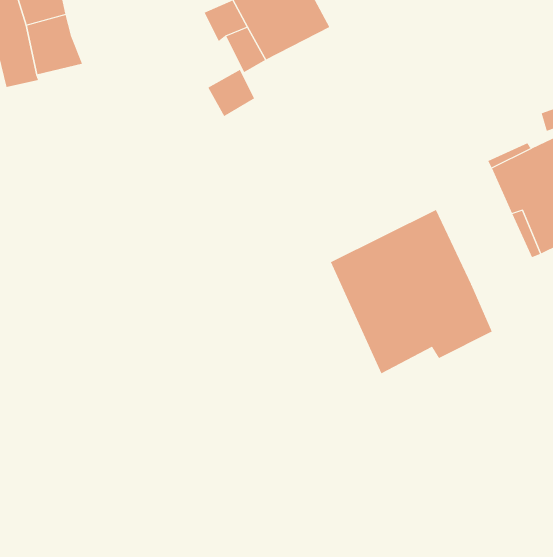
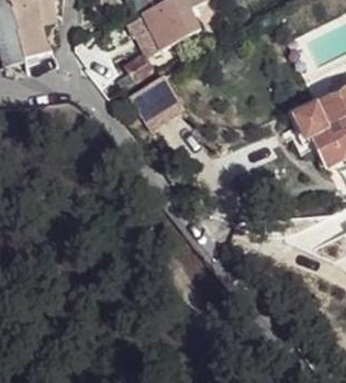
building: none -> [130,75,185,130]
building: [330,209,493,374] -> none

